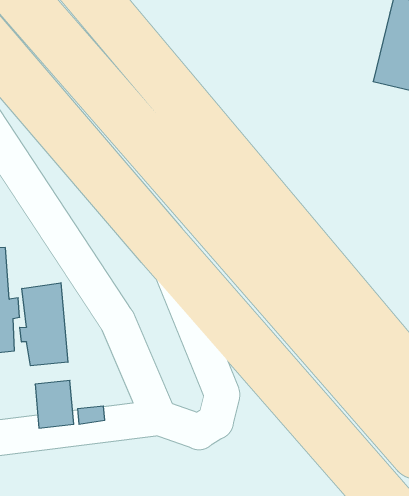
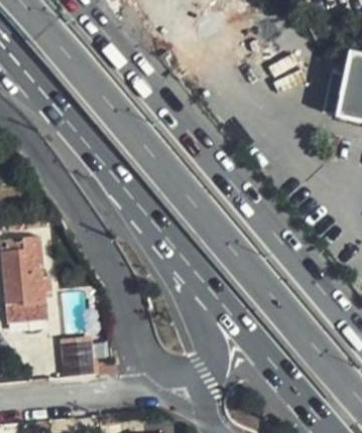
building: [20,283,68,366] -> none

